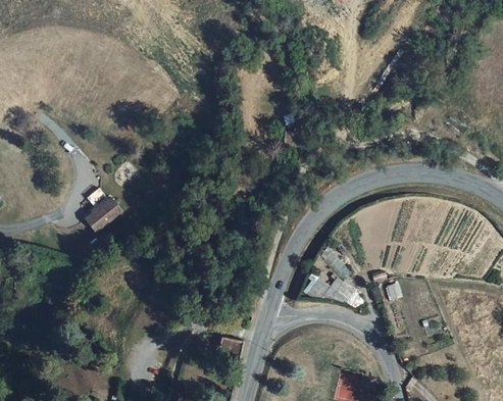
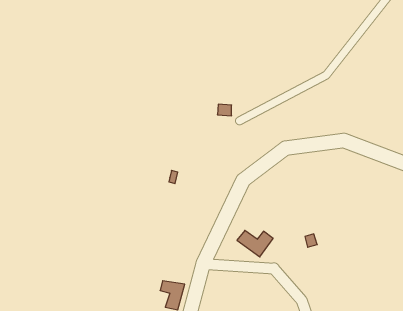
building: [81,194,115,227] -> none

